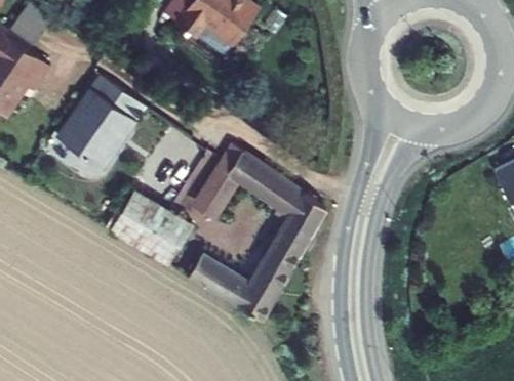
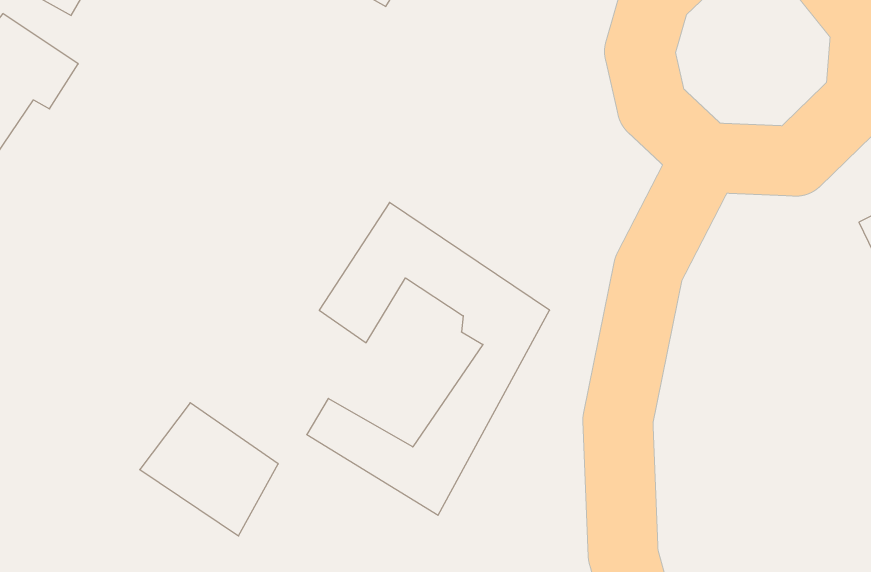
building: [66,76,145,165] -> none
building: [106,189,185,265] -> [140,403,278,536]

